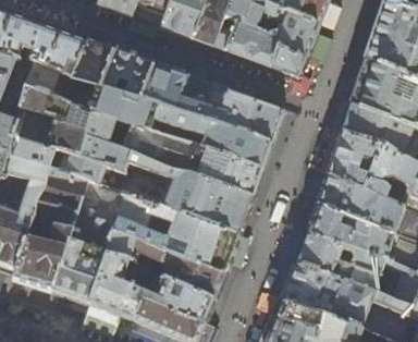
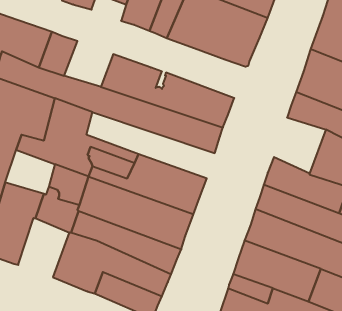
building: [101,50,153,99] -> none
building: [125,126,262,197] -> none
building: [325,132,381,192] -> none
building: [38,167,91,215] -> none
building: [52,240,107,303] -> none

